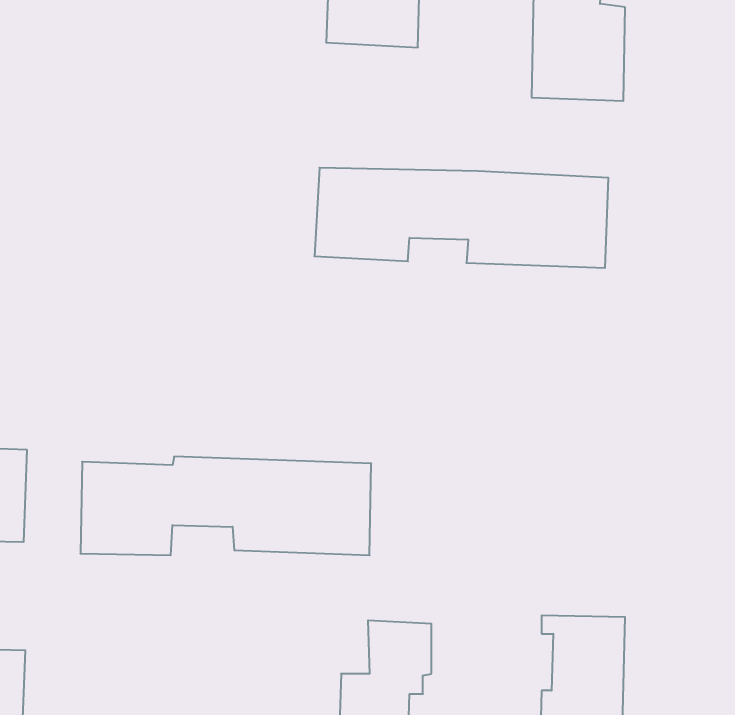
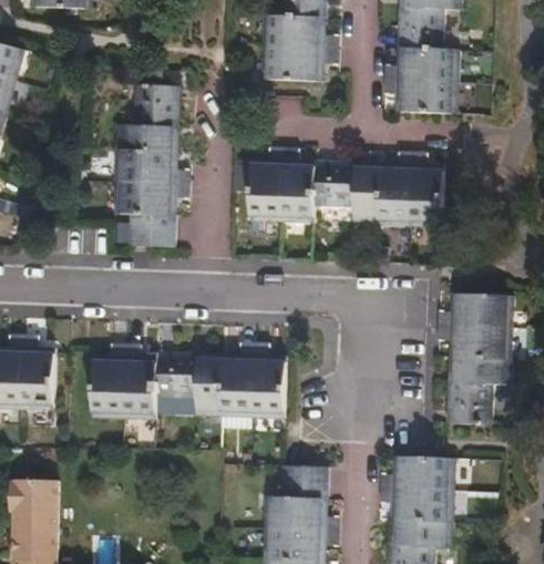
building: none -> [113,83,177,245]
building: none -> [448,294,513,425]

